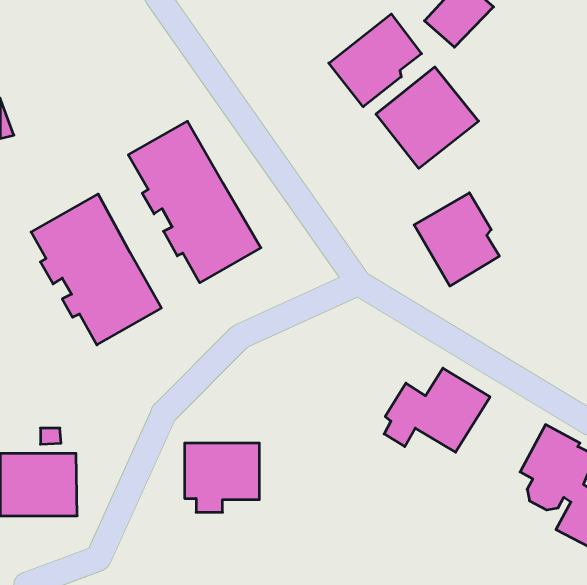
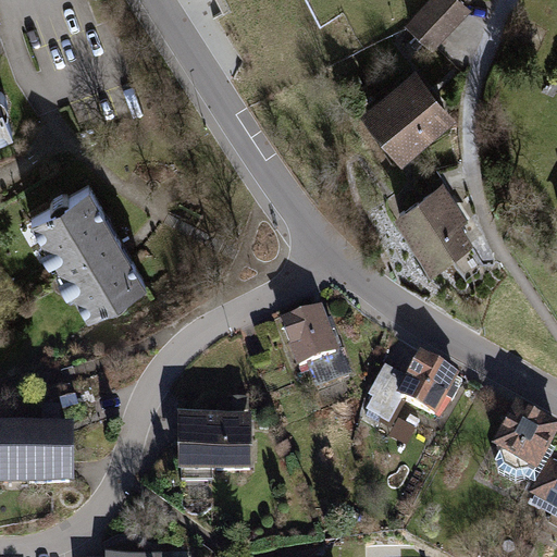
building: [329,14,422,107] -> none
building: [128,121,261,283] -> none
building: none -> [280,304,346,382]

